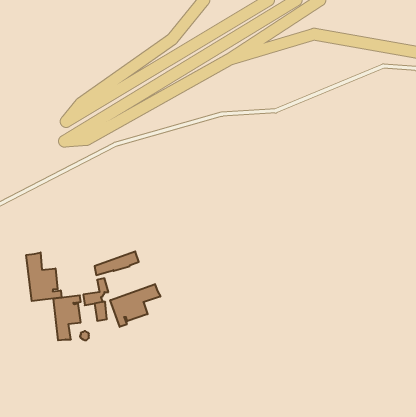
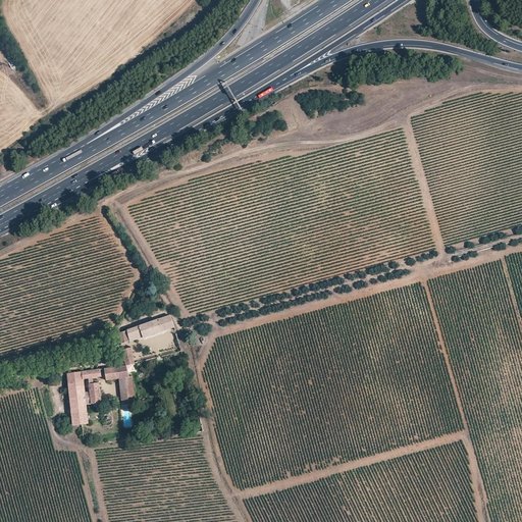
building: [26,252,62,301] -> none
building: [110,284,160,327] -> none

